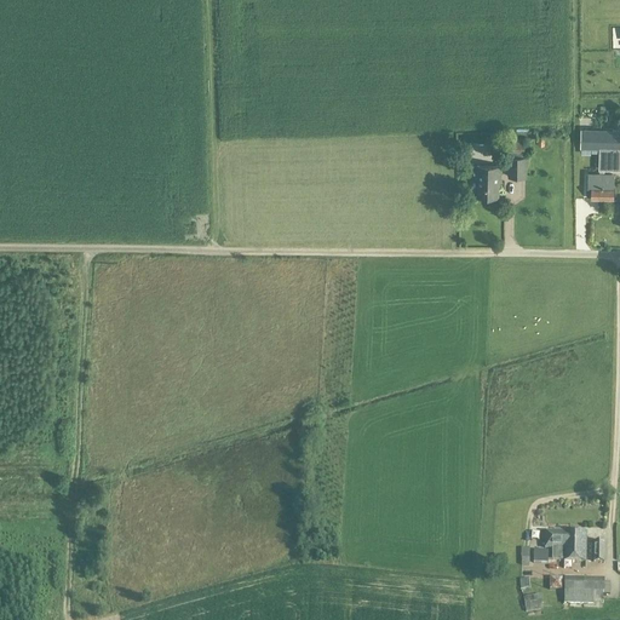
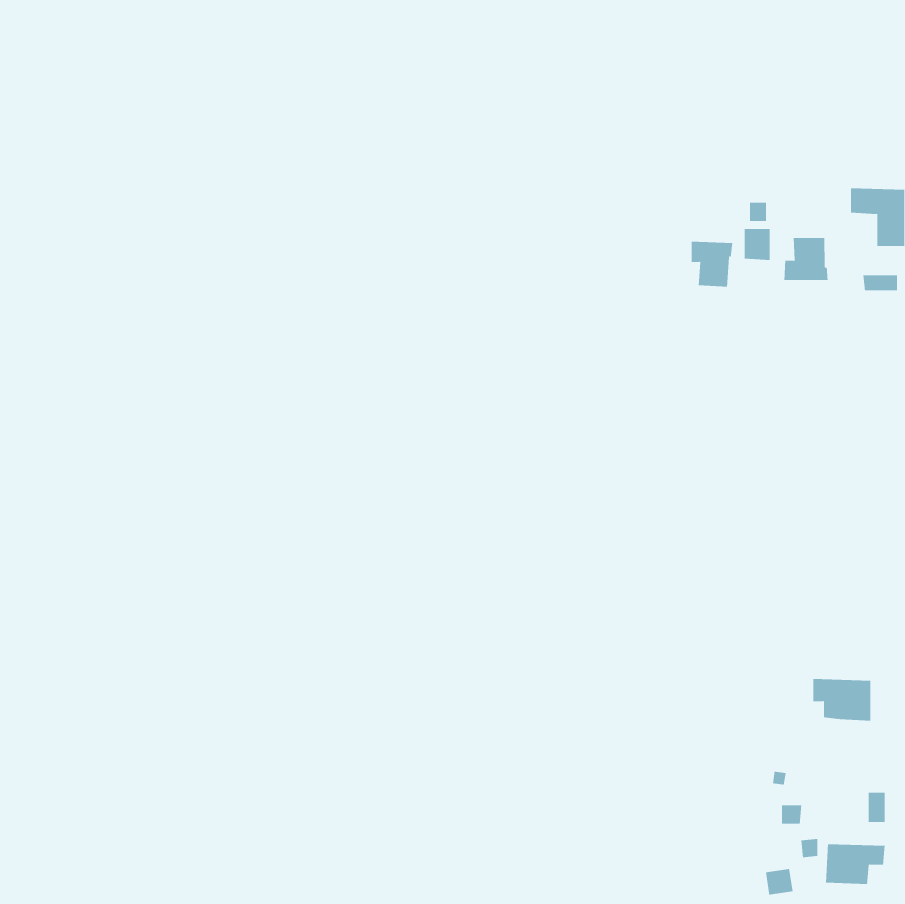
building: none -> [784,237,828,281]
building: [546,532,586,561] -> [813,679,871,721]

